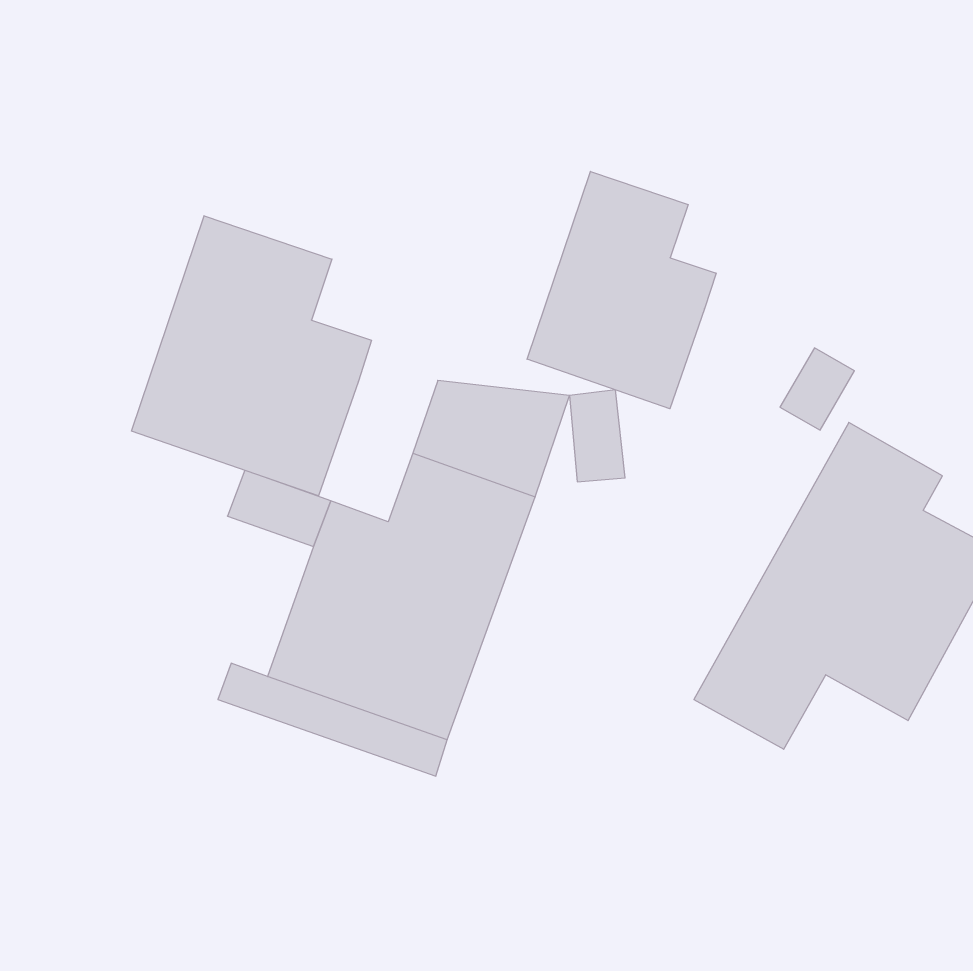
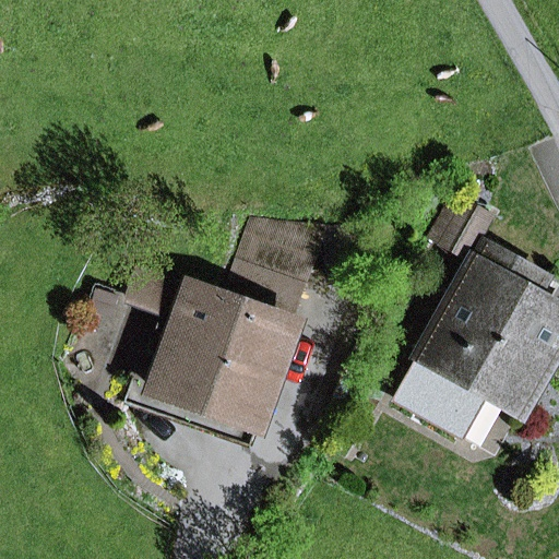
building: [527,171,716,409] -> none
building: [132,216,372,496] -> none

